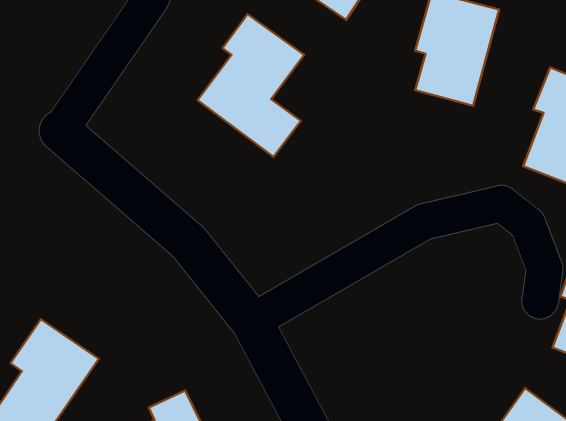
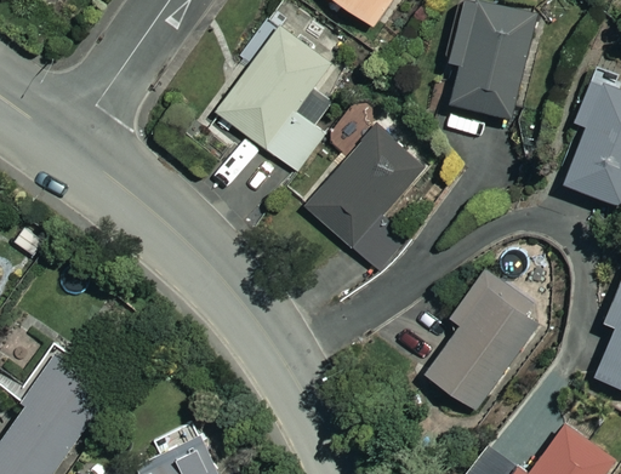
building: none -> [306,125,426,270]
building: none -> [425,268,547,411]

